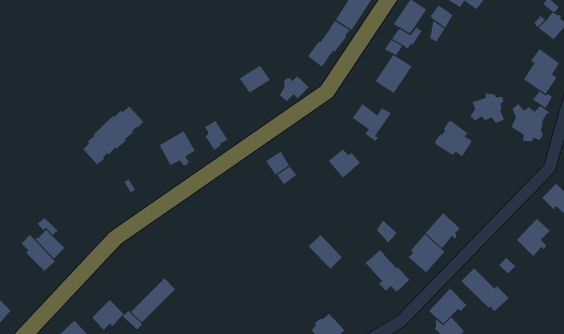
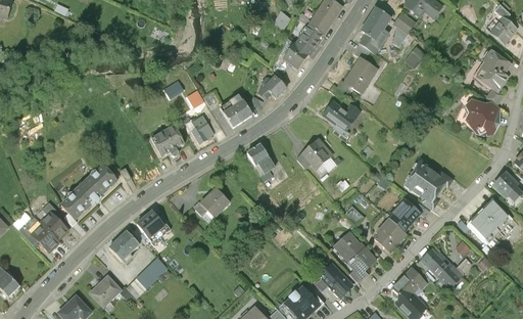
building: [239,65,271,93] -> [224,100,252,126]
building: [470,93,506,124] -> none
building: [82,106,144,165] -> [61,166,116,219]
building: [434,121,473,157] -> [409,165,443,197]
building: none -> [200,188,229,215]
building: none -> [137,211,168,237]
building: [308,234,343,269] -> [321,264,352,295]
building: none -> [108,231,138,261]

